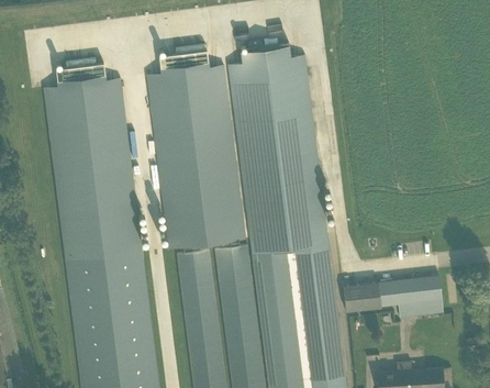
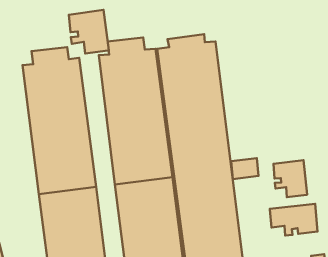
building: none -> [69,10,109,54]
building: none -> [273,160,307,197]
building: [343,285,380,313] -> [231,158,259,179]

